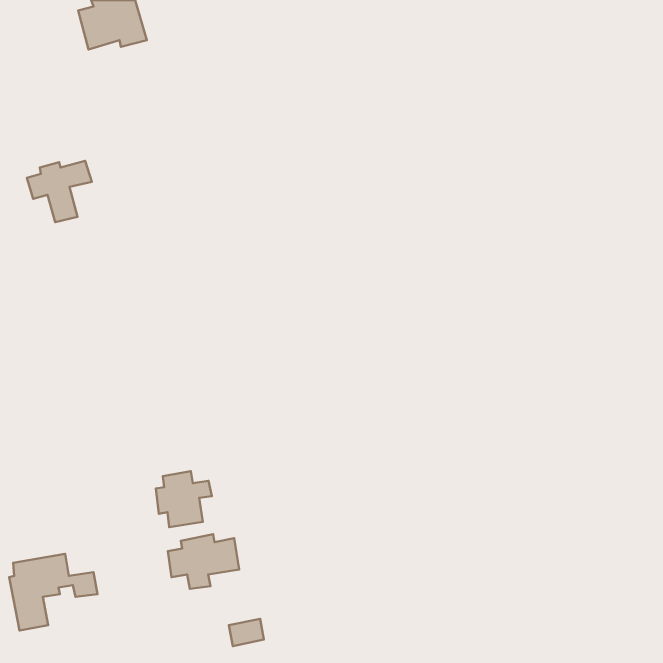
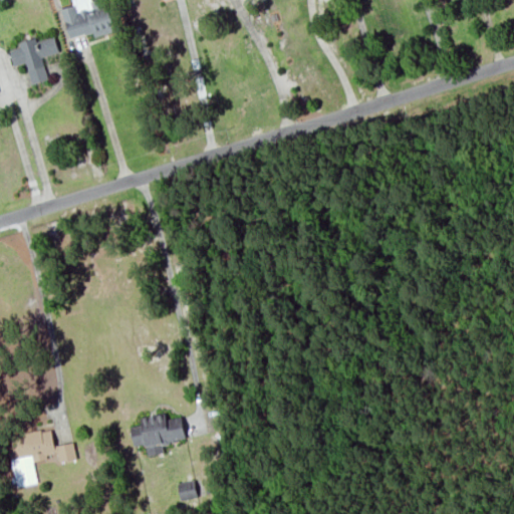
building: [27,161,92,222] -> [8,37,58,84]
building: [156,471,212,527] -> none

